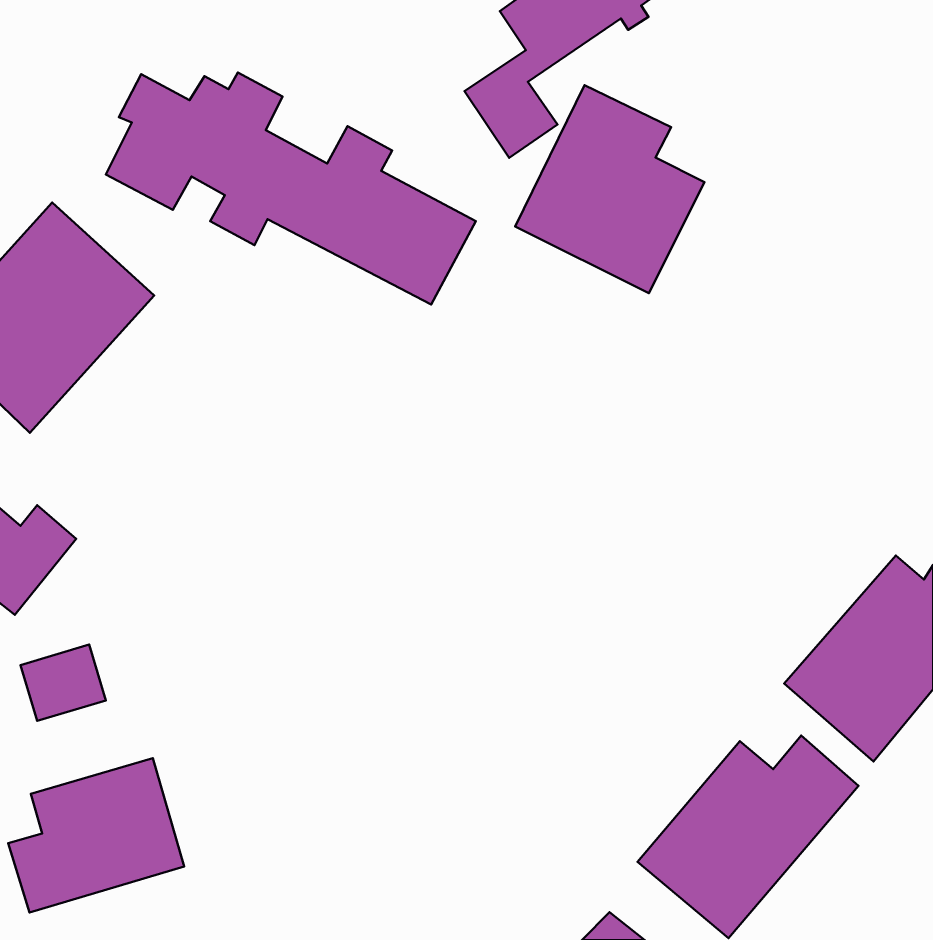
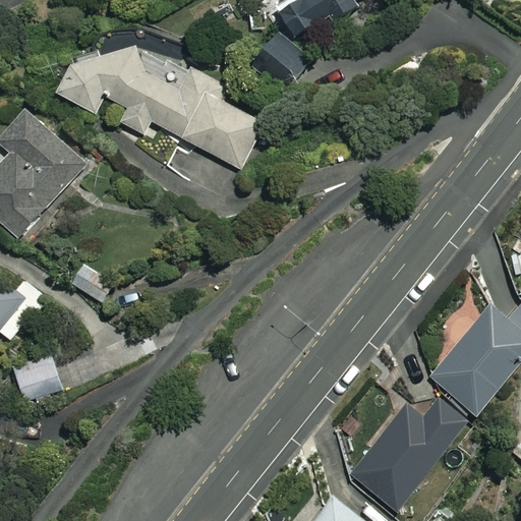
building: [515,85,705,293] -> none
building: [8,758,184,913] -> none

